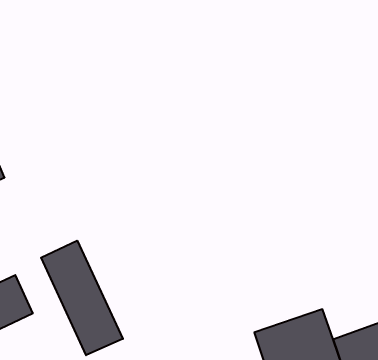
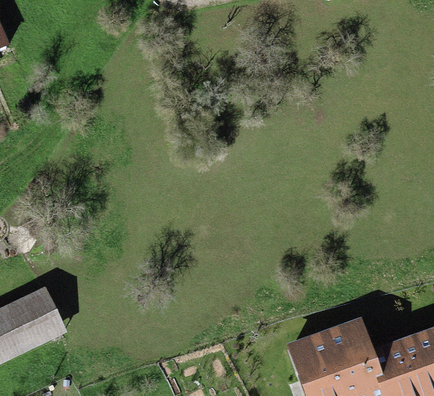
building: [41,241,123,355] -> none

